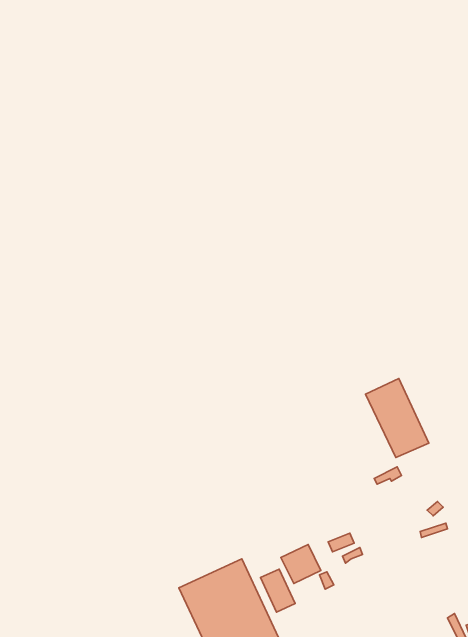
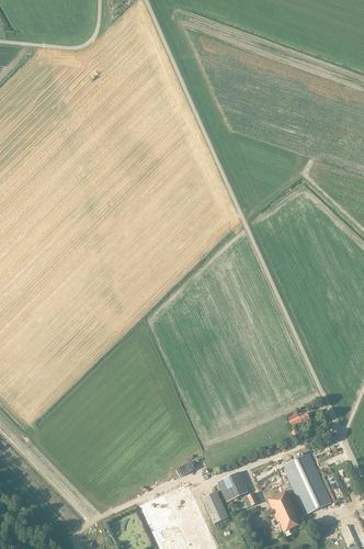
building: [366,378,429,457] -> [283,453,331,514]
building: none -> [268,490,302,531]

